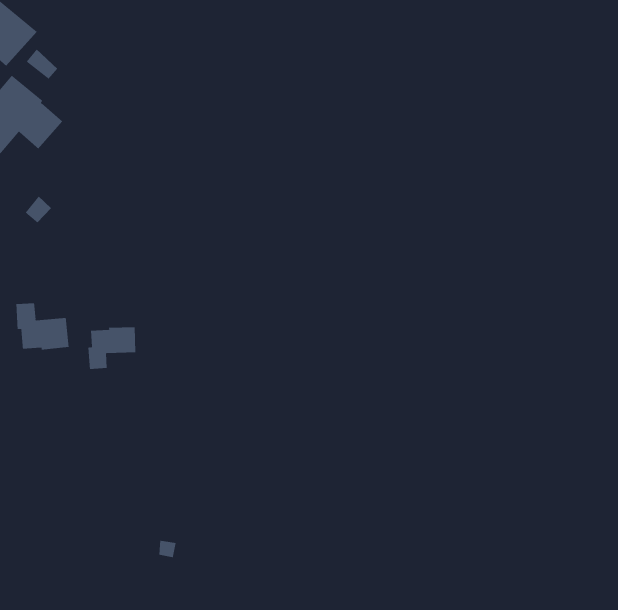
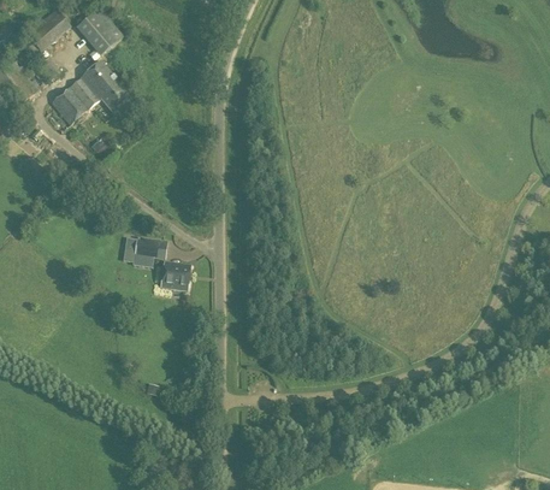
building: [16,302,69,350] -> none
building: none -> [161,260,190,289]

